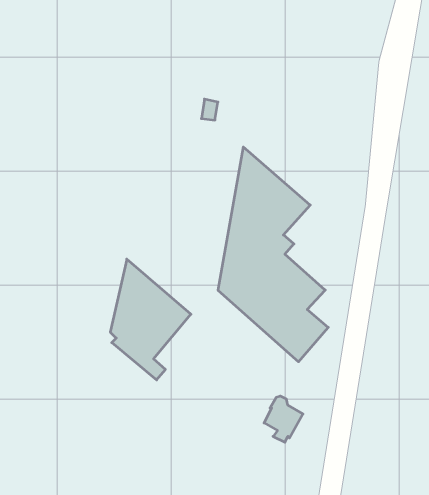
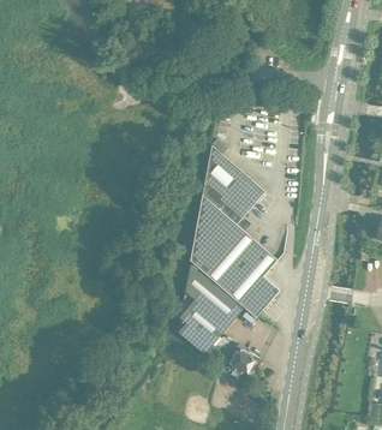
building: [110,259,191,380] -> [178,263,243,360]

